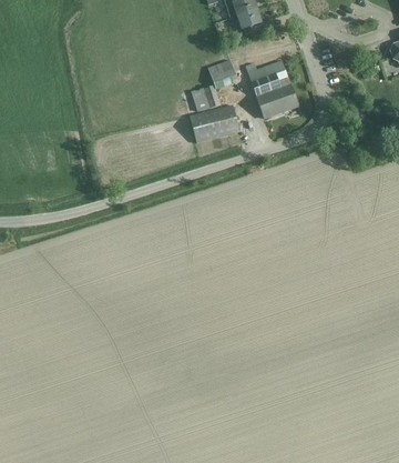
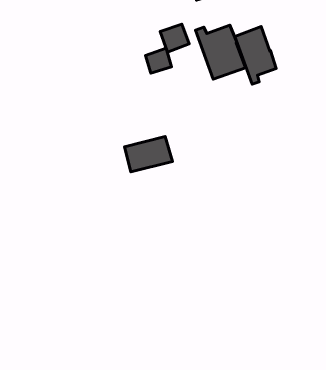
building: none -> [235,27,276,84]
building: [190,104,241,142] -> [124,136,172,172]

